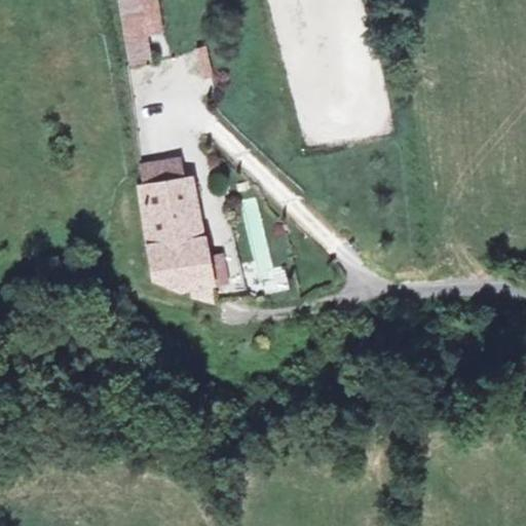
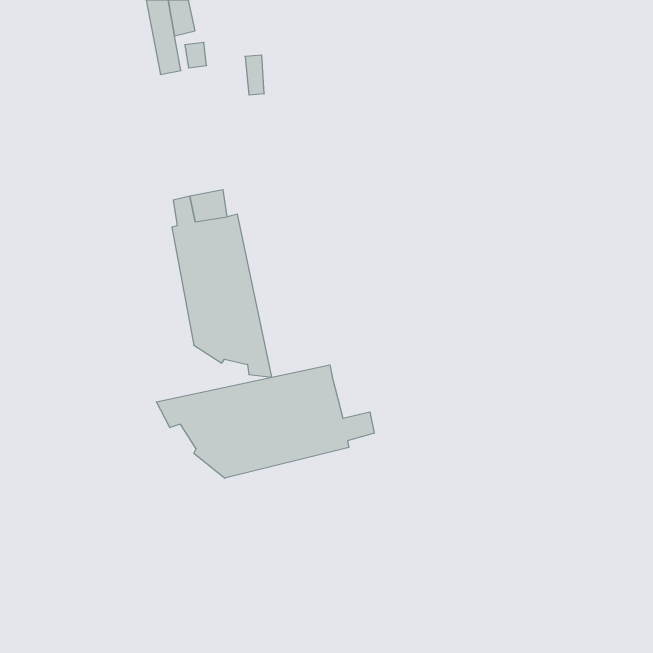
building: none -> [156,365,374,478]

